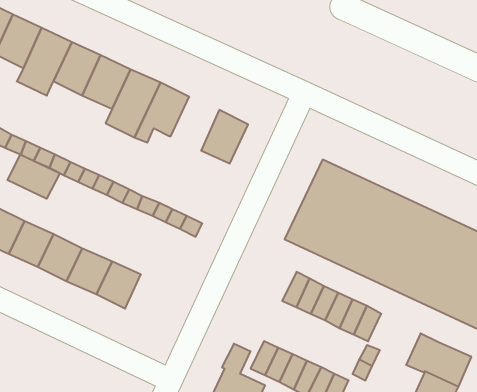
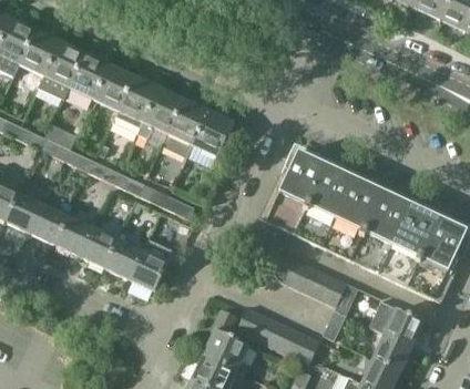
building: none -> [162,100,210,157]
building: [7,155,60,199] -> none
building: none -> [130,250,168,290]

